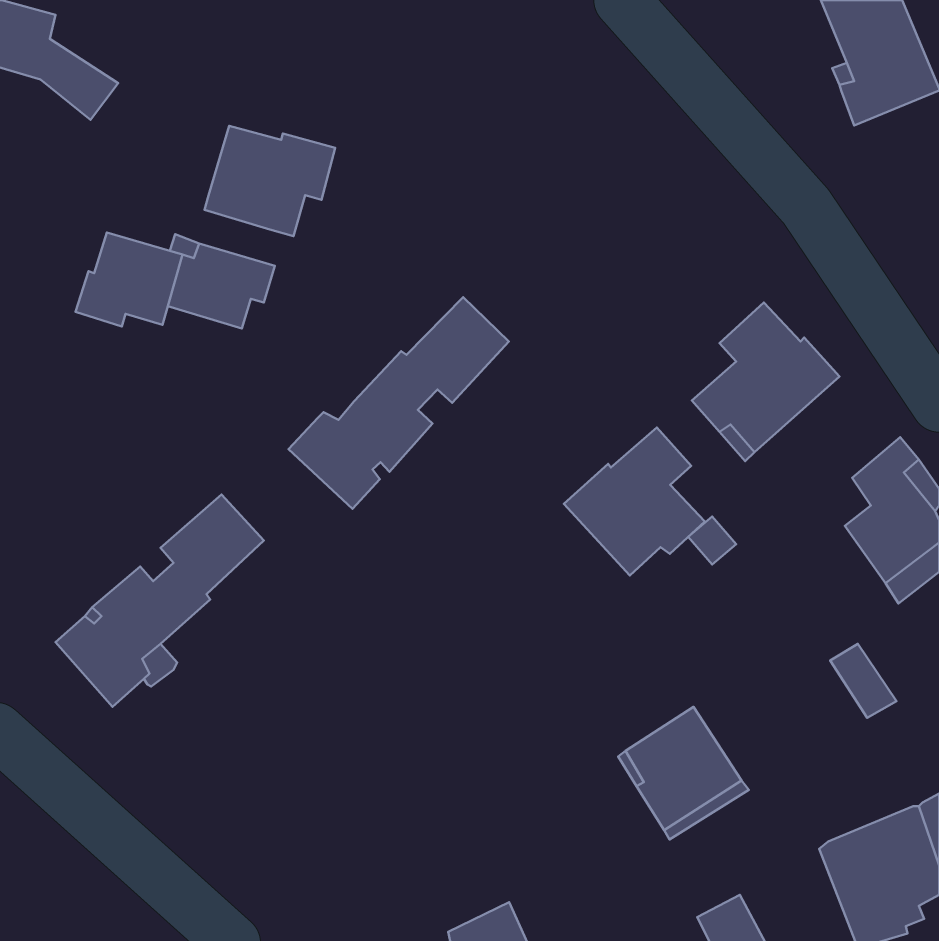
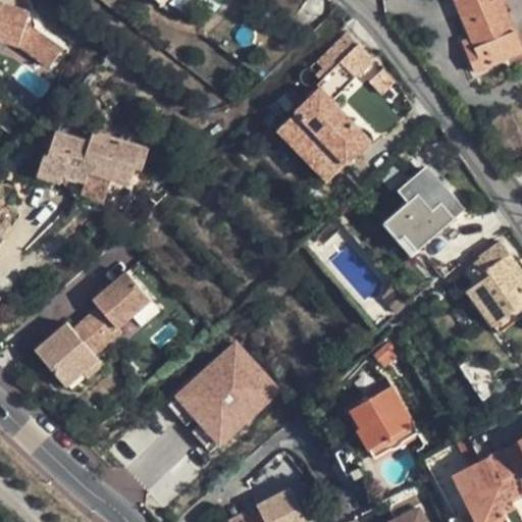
building: none -> [275,35,371,181]
building: [204,126,335,236] -> none
building: [288,297,509,509] -> none
building: [564,427,705,576] -> none
building: none -> [173,337,284,447]

